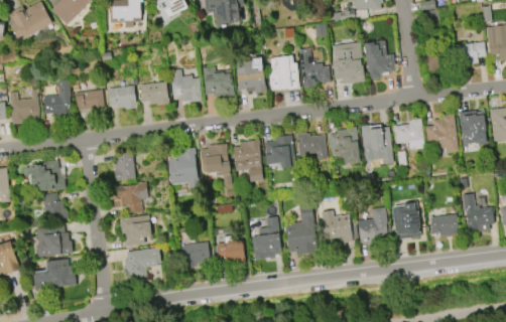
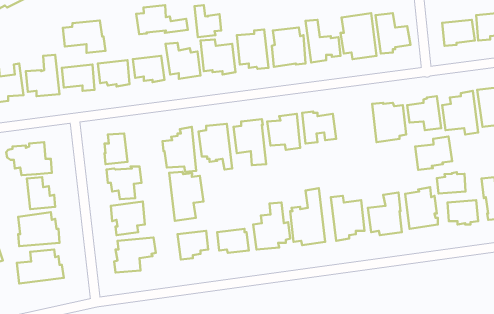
building: none -> [136,5,188,34]
building: none -> [195,5,221,37]
building: none -> [63,21,106,53]
building: [329,127,361,164] -> none
building: none -> [415,136,452,170]
building: none -> [169,172,203,221]
building: none -> [437,172,465,194]

